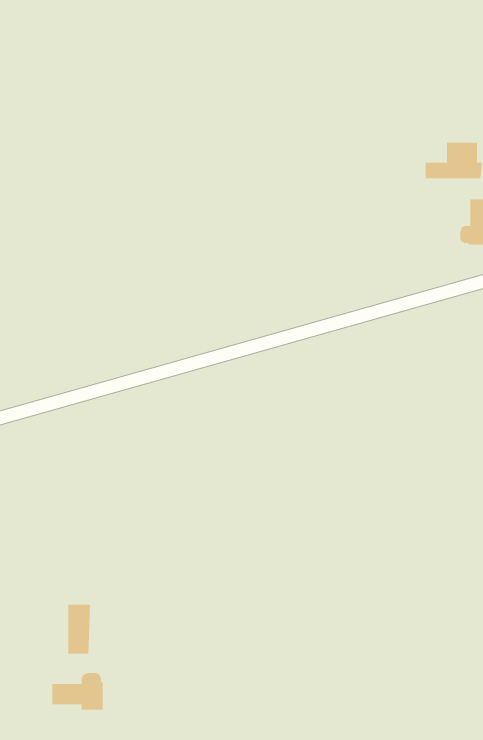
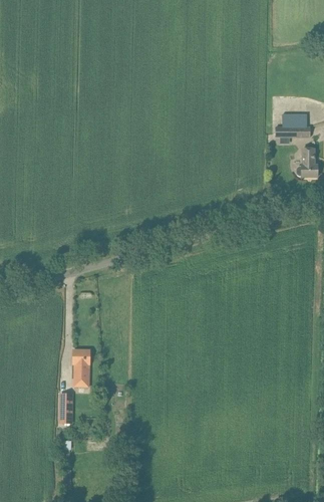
building: none -> [73,349,89,387]
building: [52,672,103,710] -> none

